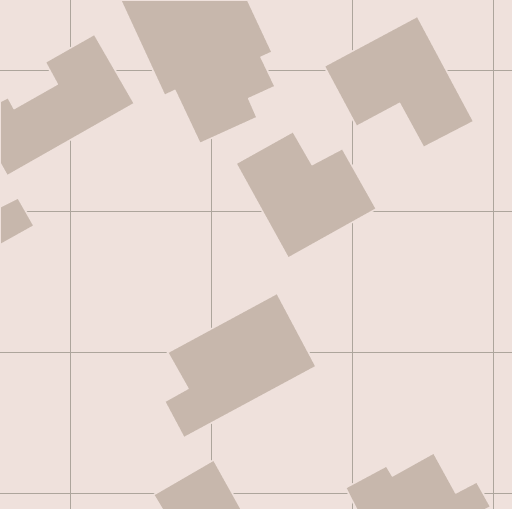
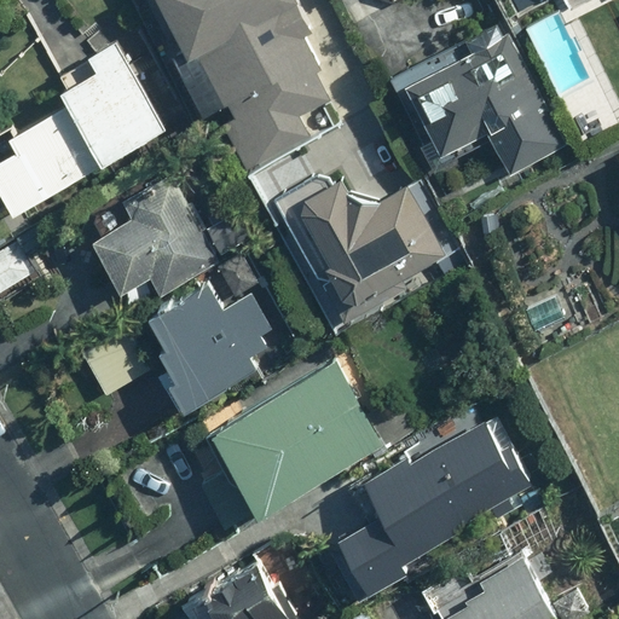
building: none -> [91,172,261,318]
building: none -> [76,284,273,415]
building: none -> [313,413,532,609]

